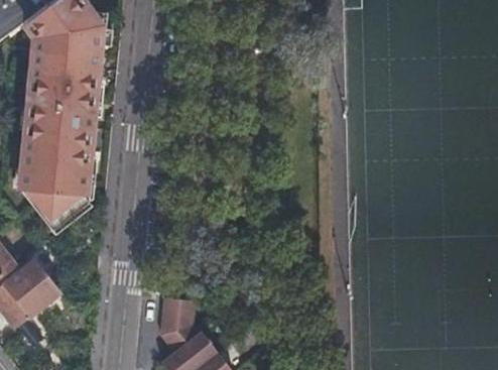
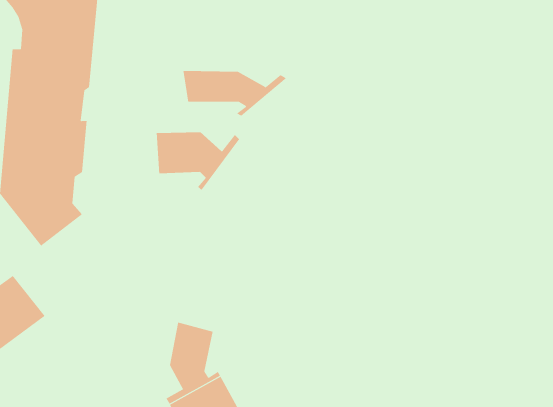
building: none -> [183,70,287,116]
building: none -> [156,132,240,191]

